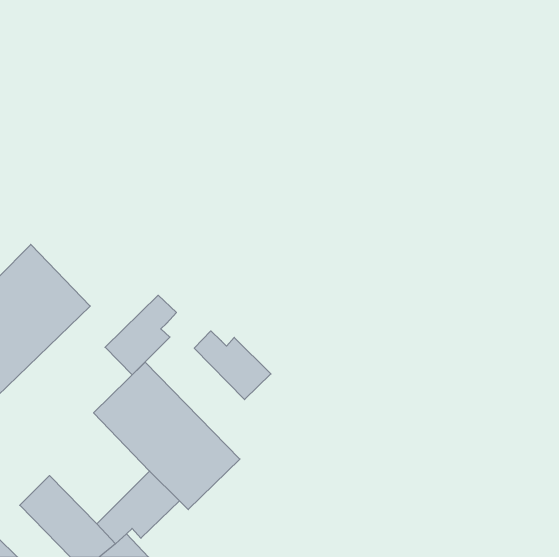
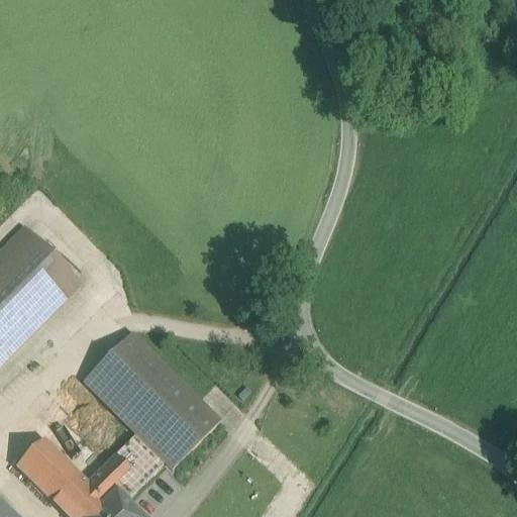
building: [105,295,176,375] -> none
building: [194,331,271,400] -> none

